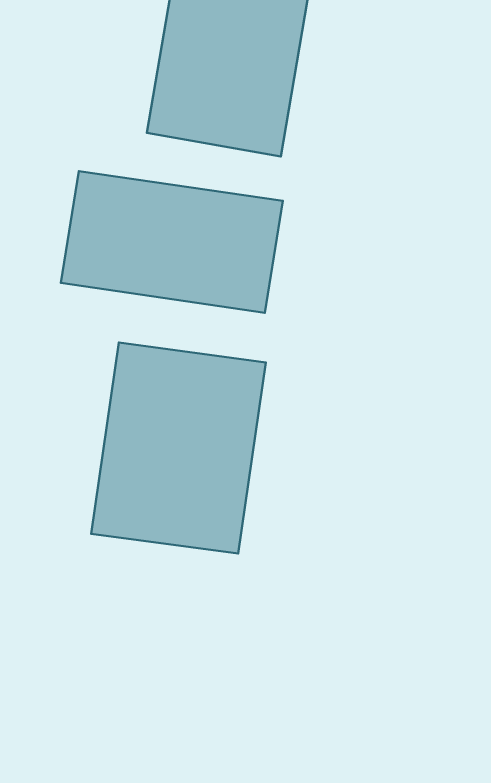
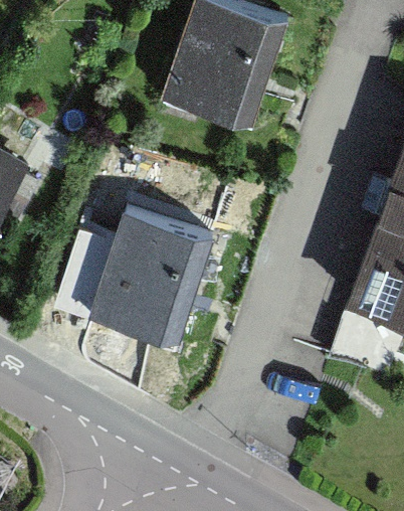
building: [61,171,283,313] -> none

